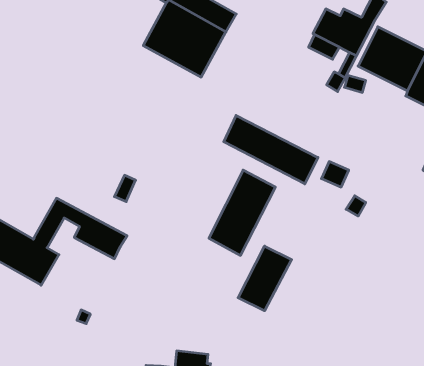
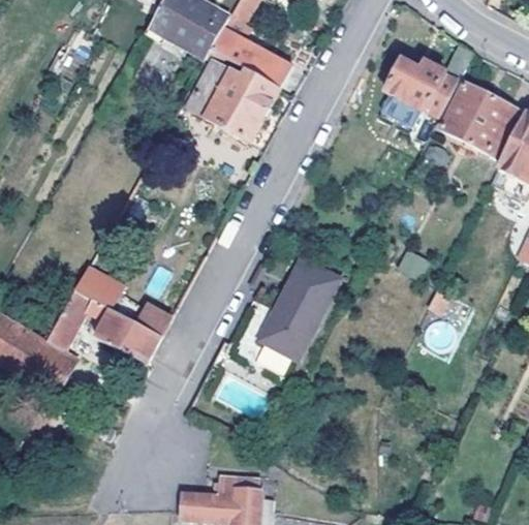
building: [224,115,318,184] -> none
building: none -> [75,272,172,335]
building: [238,246,292,311] -> none

